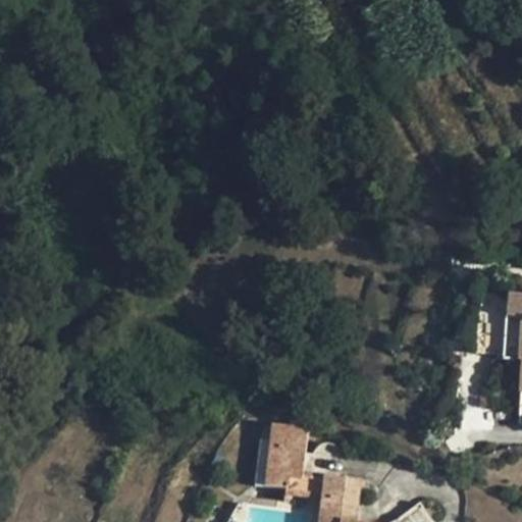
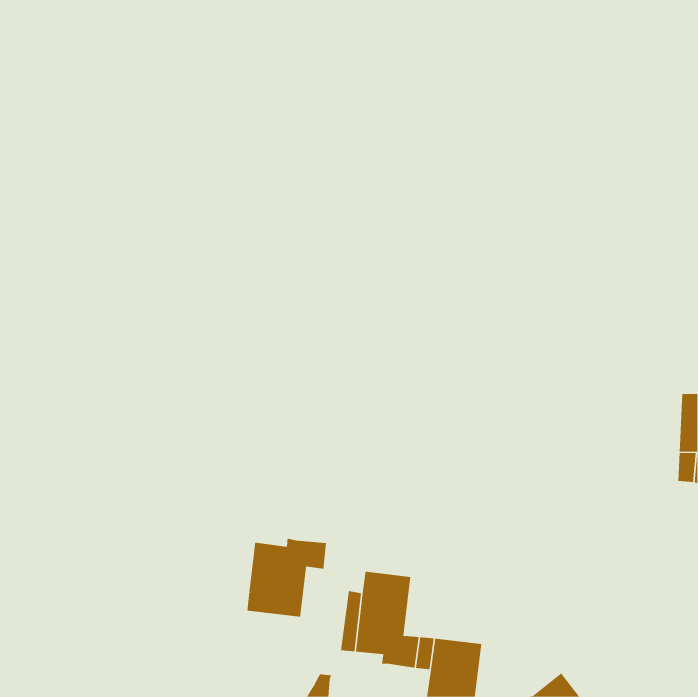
building: none -> [247,538,327,617]

